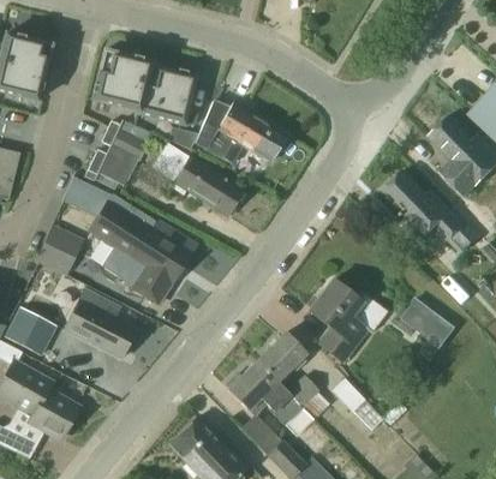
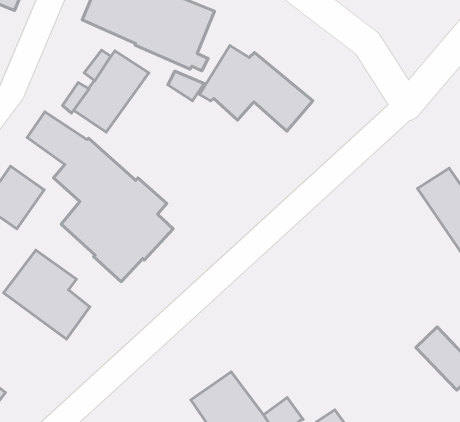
building: [159,148,243,216] -> none
building: [307,280,386,365] -> none
building: [256,334,305,382] -> none

